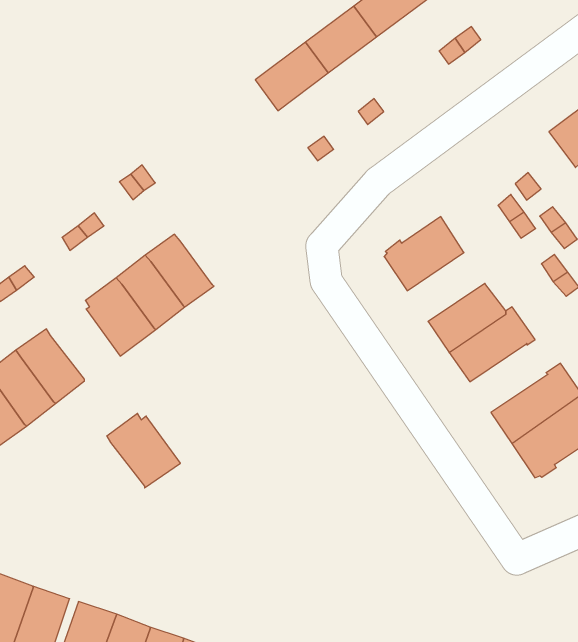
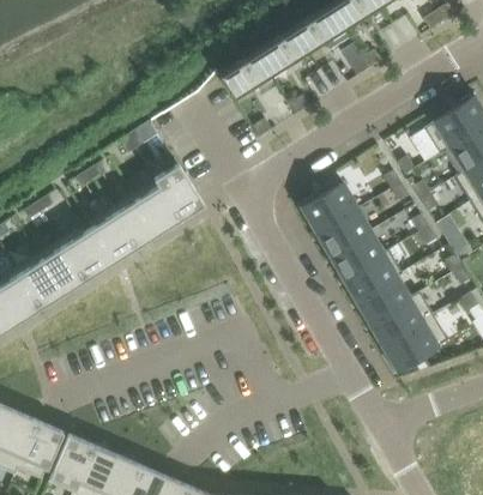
building: none -> [155,164,205,219]
building: none -> [316,209,372,255]
building: none -> [356,276,411,322]
building: [107,413,180,488] -> [61,227,111,279]

